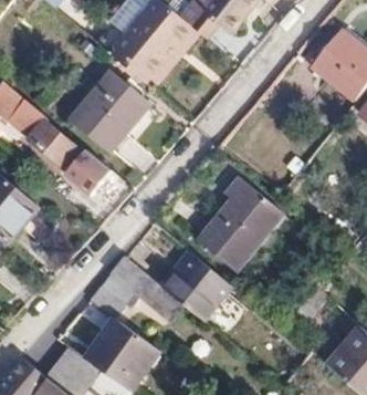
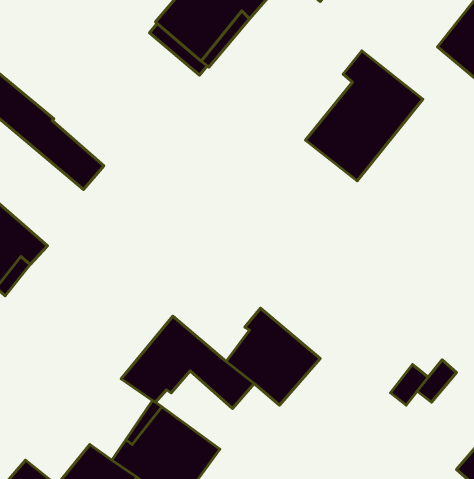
building: [70,71,148,150] -> none
building: [64,147,113,196] -> none
building: [198,177,281,269] -> [305,51,423,181]

